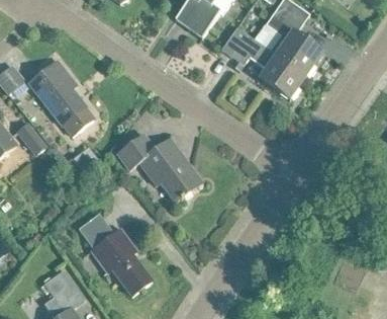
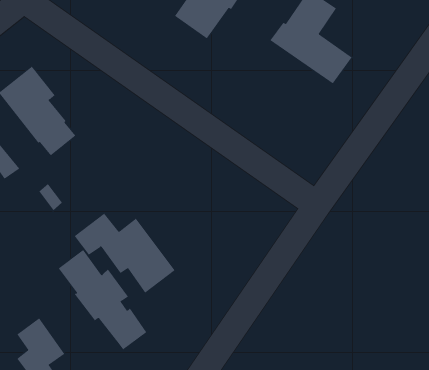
building: [221,27,306,100] -> none
building: [118,135,202,202] -> [74,213,175,293]

